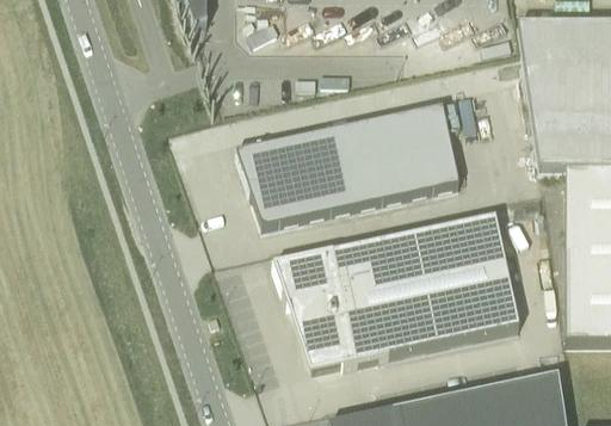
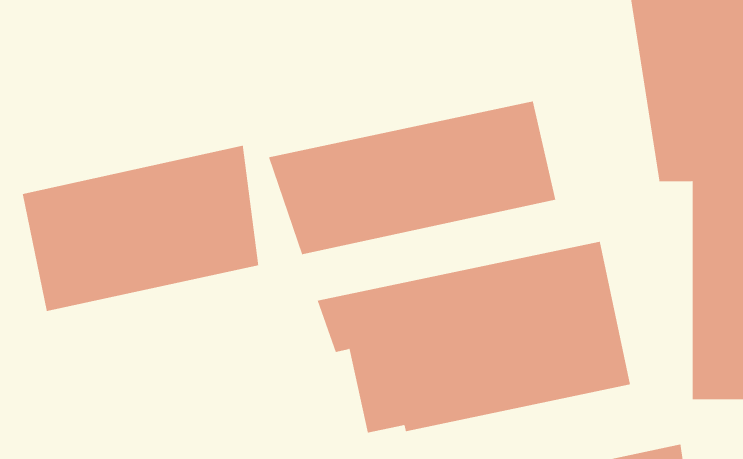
building: none -> [22,145,259,312]

